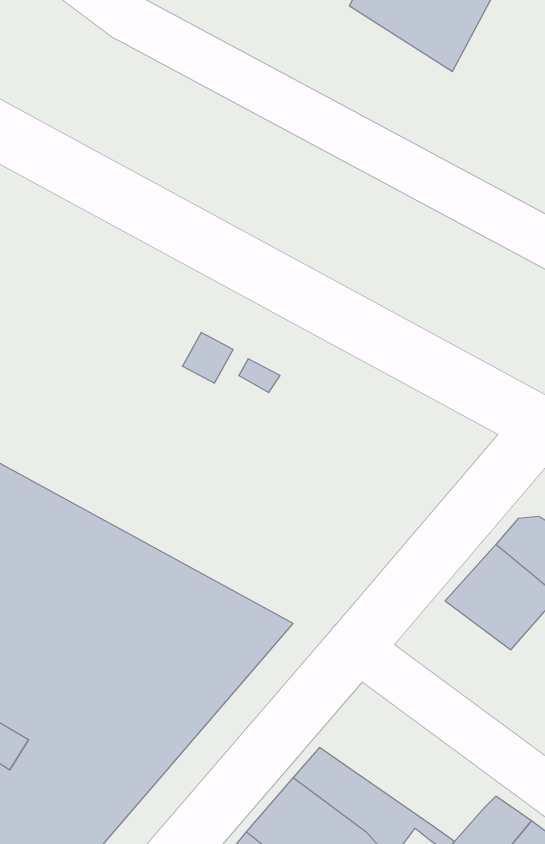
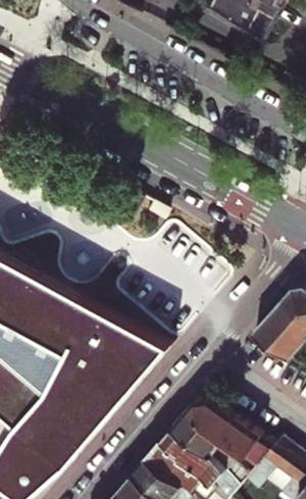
building: none -> [183,402,260,458]

